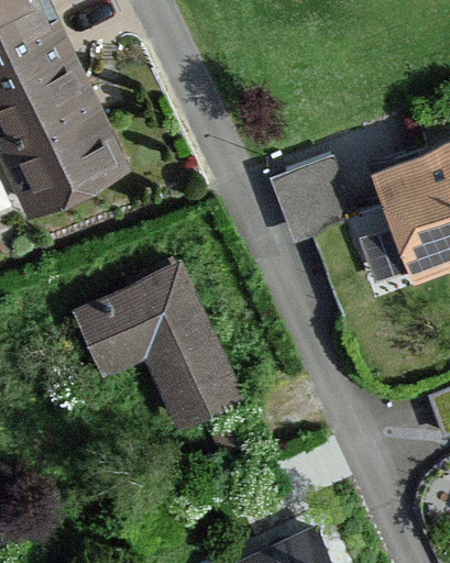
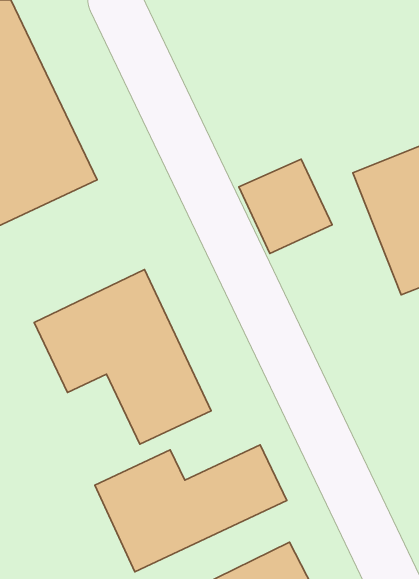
building: none -> [95,445,287,572]

